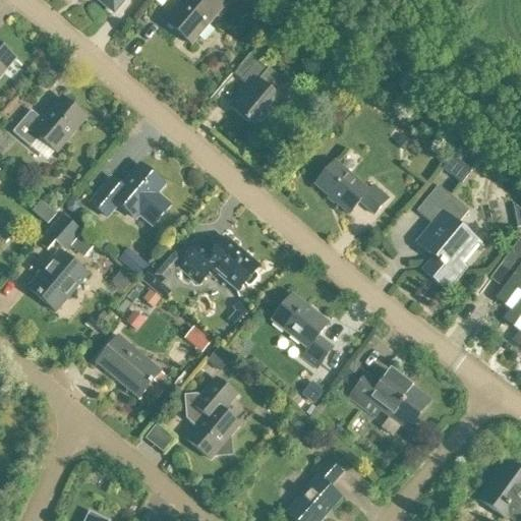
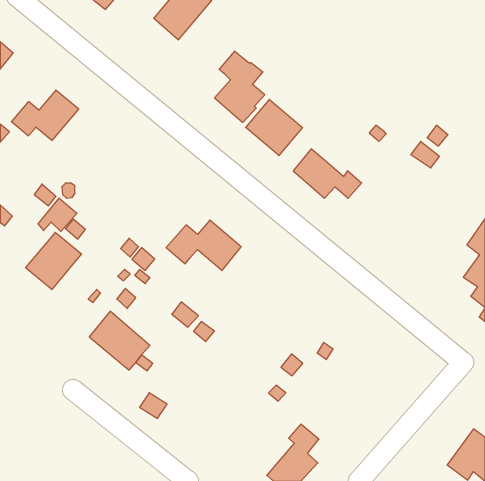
building: none -> [246,99,302,156]
building: [90,163,171,225] -> none
building: [416,184,474,289] -> none
building: [271,293,333,366] -> none
building: [350,370,428,428] -> none
building: [184,378,238,458] -> none

